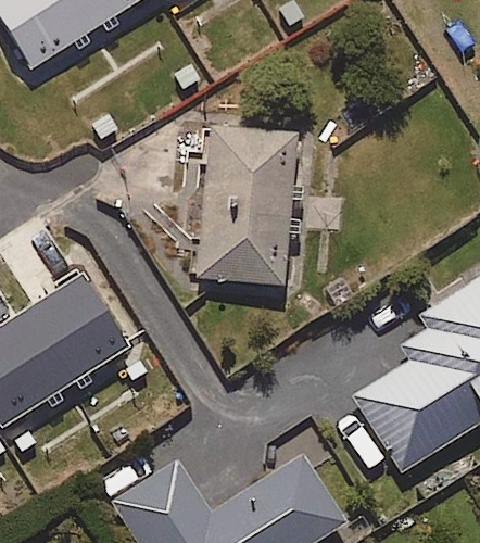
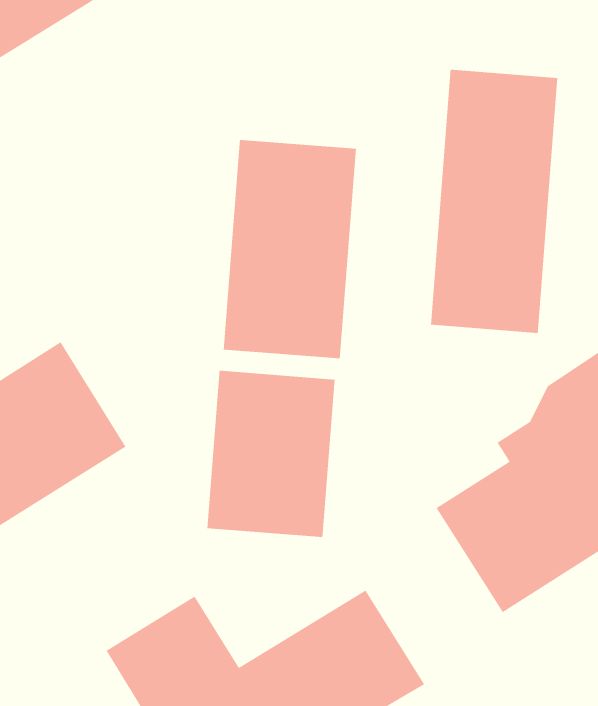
building: none -> [430,69,558,334]
building: none -> [206,370,335,538]

